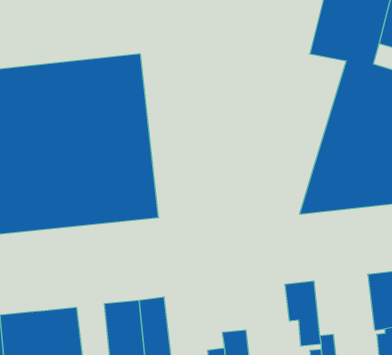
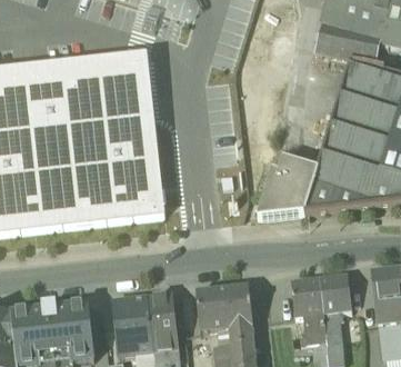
building: none -> [257,157,318,217]
building: none -> [319,274,351,330]
building: none -> [197,285,252,329]

